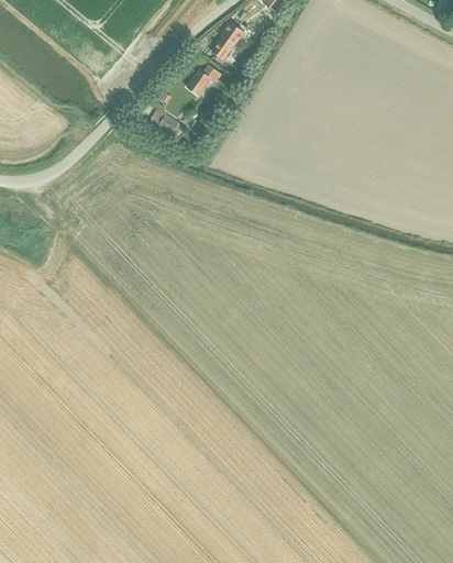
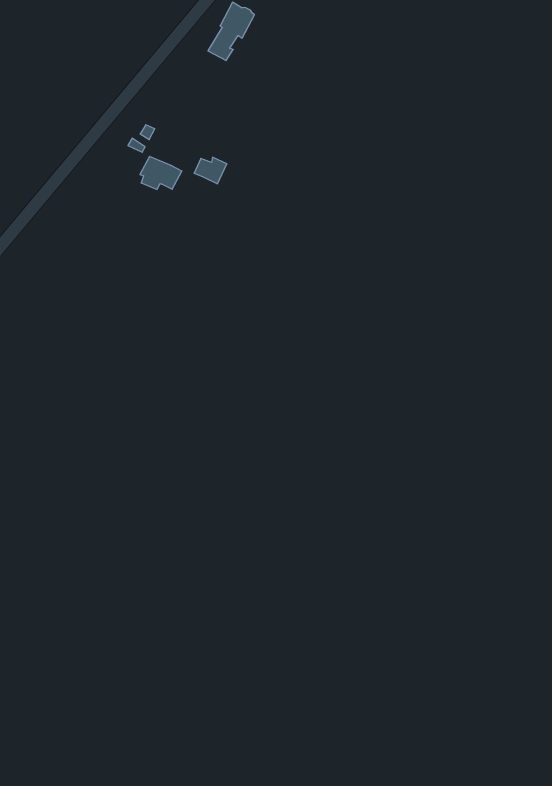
building: [186,64,219,95] -> none

